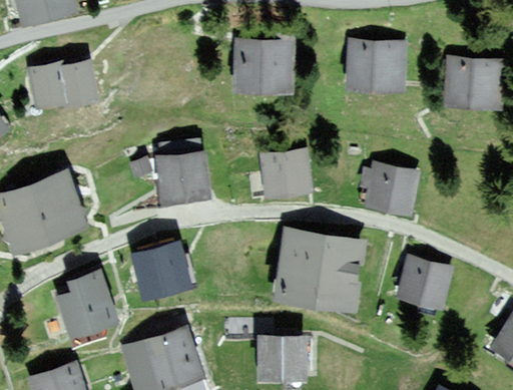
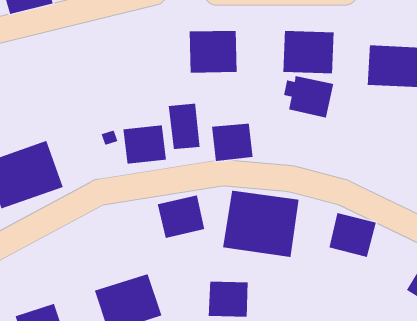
building: [26,60,97,107] -> none
building: none -> [168,103,201,150]
building: [359,162,419,214] -> [283,75,334,118]
building: [131,244,188,296] -> [157,195,205,239]
building: [56,272,116,336] -> none

